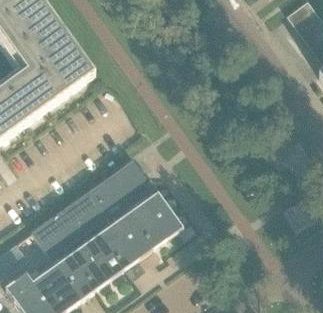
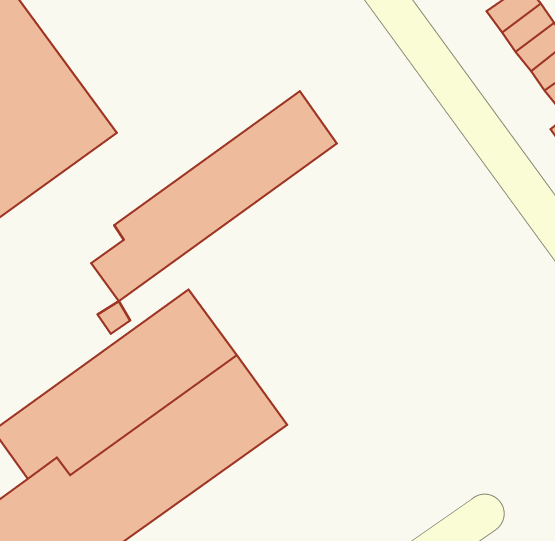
building: none -> [91,91,337,301]

